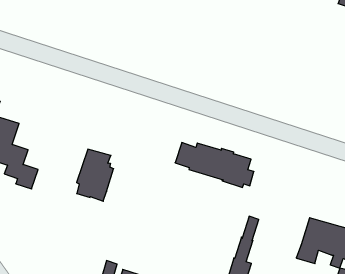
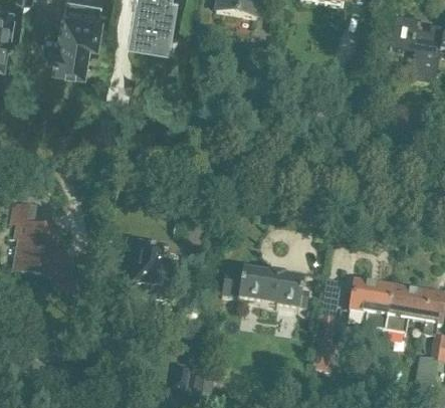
building: [175,143,254,187] -> [222,268,309,310]
building: none -> [350,277,394,330]

